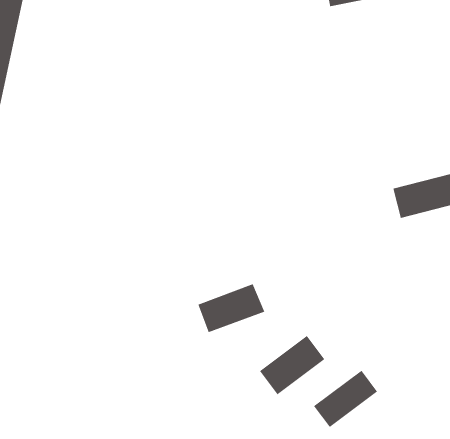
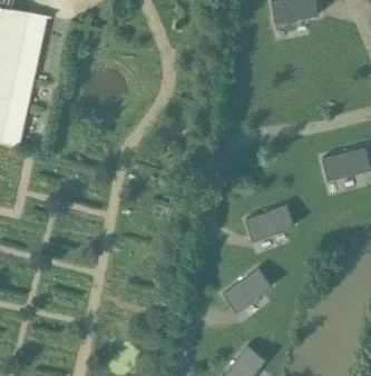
building: [198,283,265,333] -> [245,205,295,241]
building: [313,370,378,428] -> none

